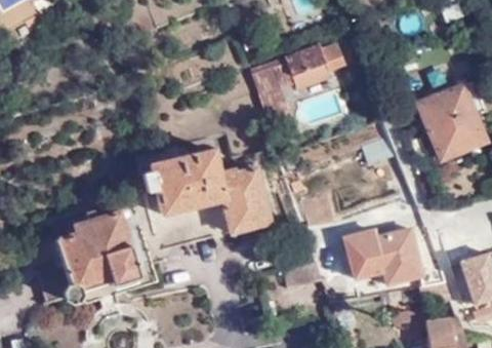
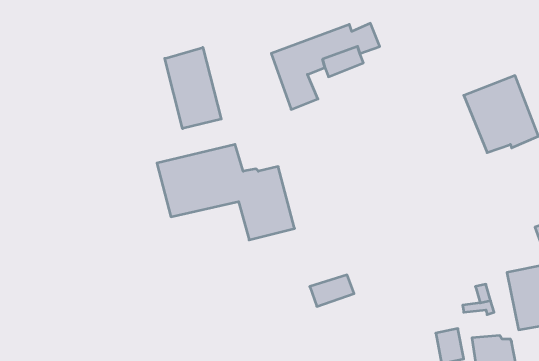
building: none -> [165,47,221,129]
building: [56,209,158,304] -> none
building: [344,229,423,283] -> none

